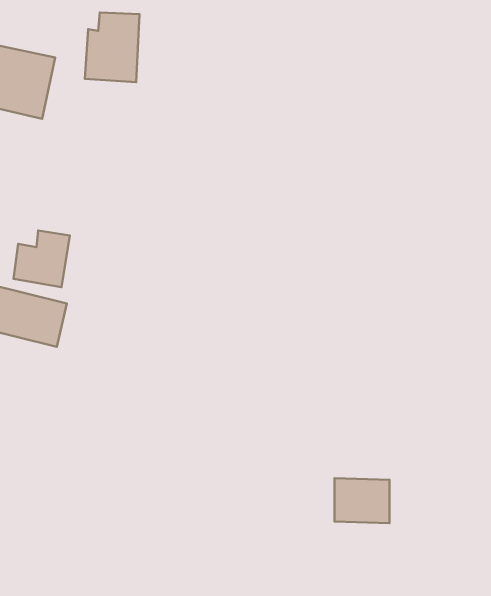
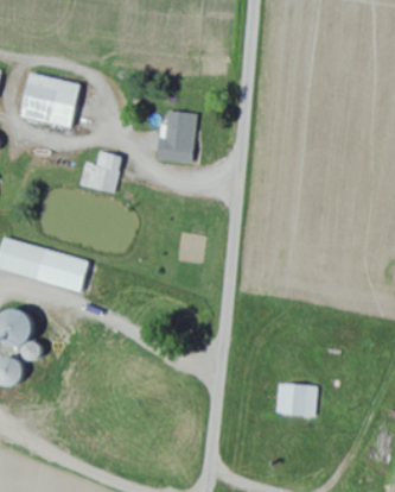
building: [85,12,140,82] -> [159,111,198,160]
building: [13,231,70,287] -> [82,151,122,191]

